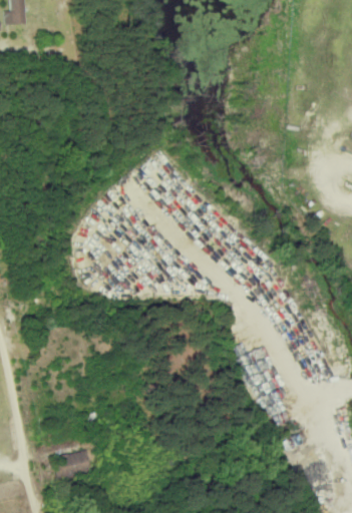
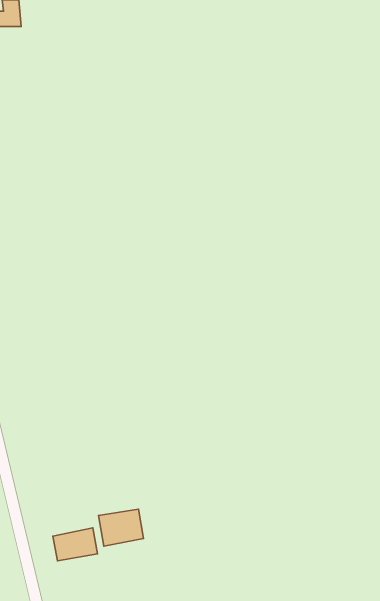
building: none -> [98,509,144,546]

